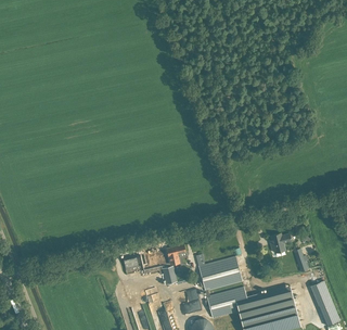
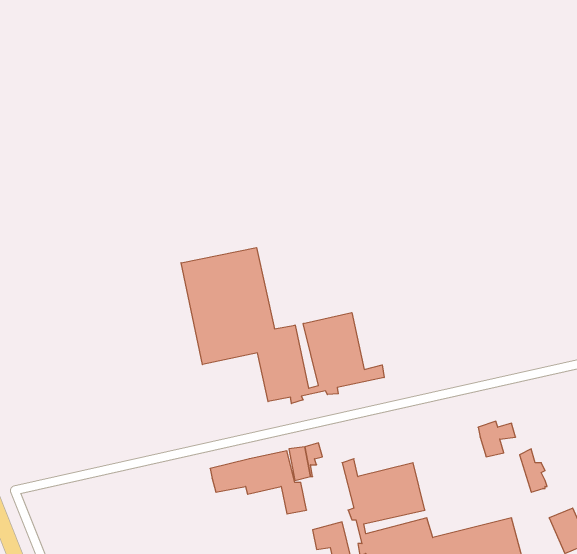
building: none -> [181,248,384,404]

